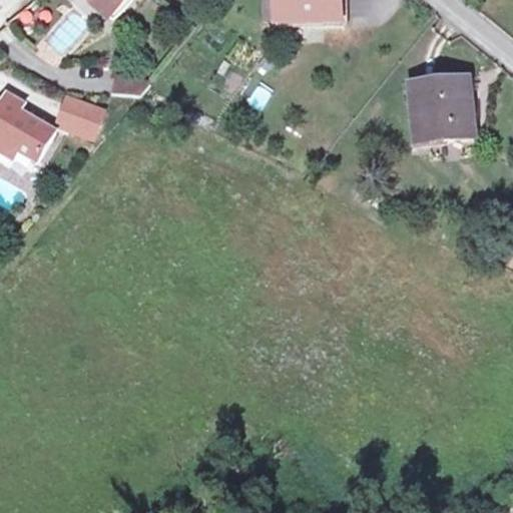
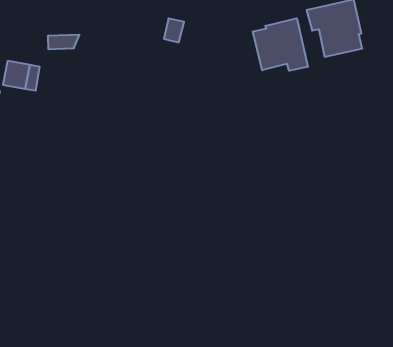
building: none -> [253,18,308,71]

